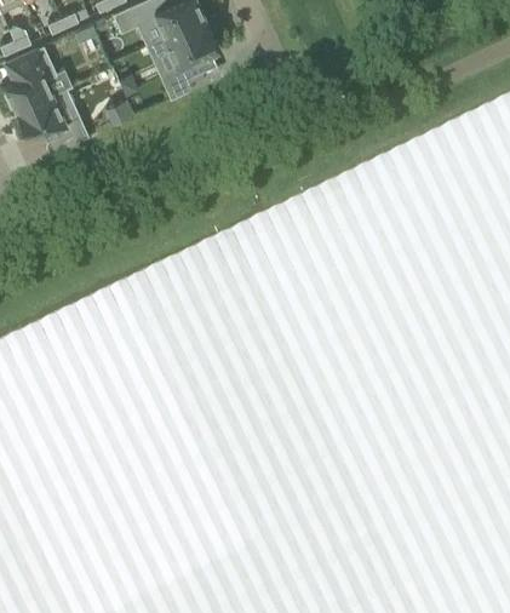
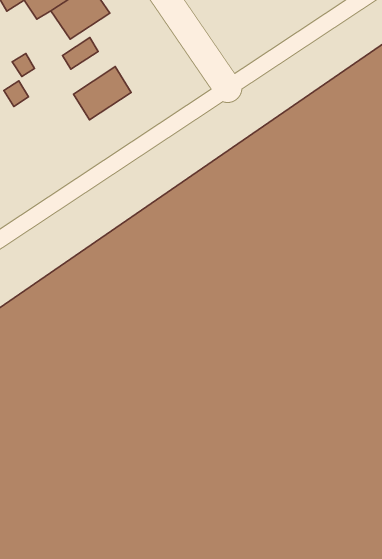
building: none -> [73,67,131,120]

